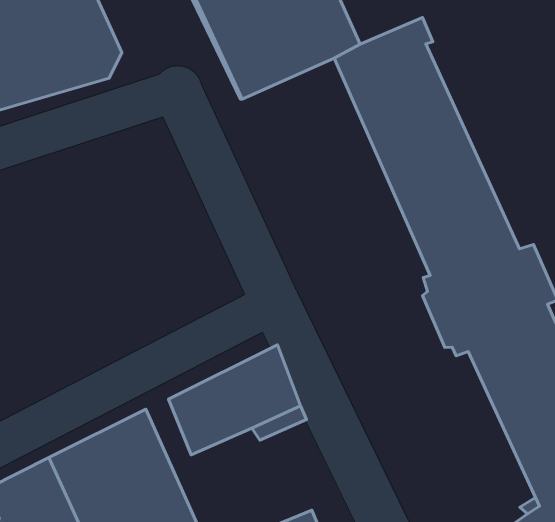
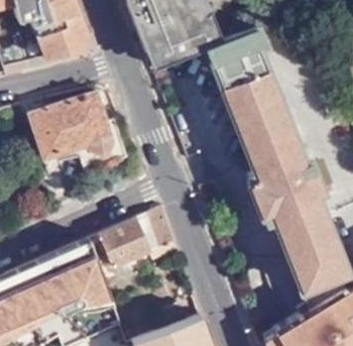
building: none -> [31,92,131,175]

